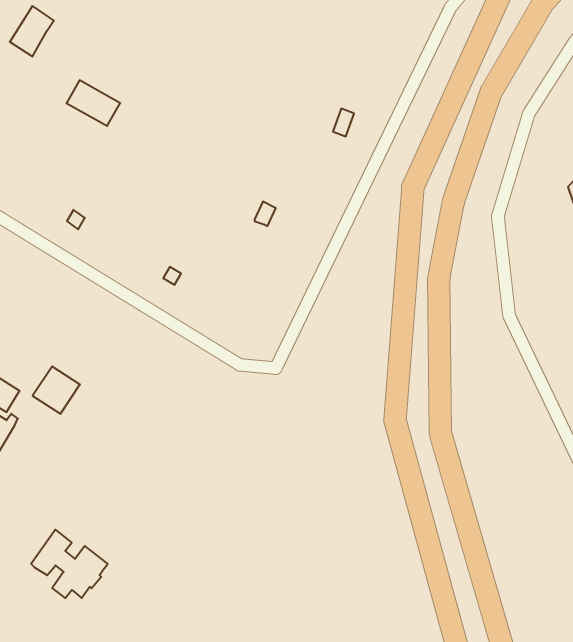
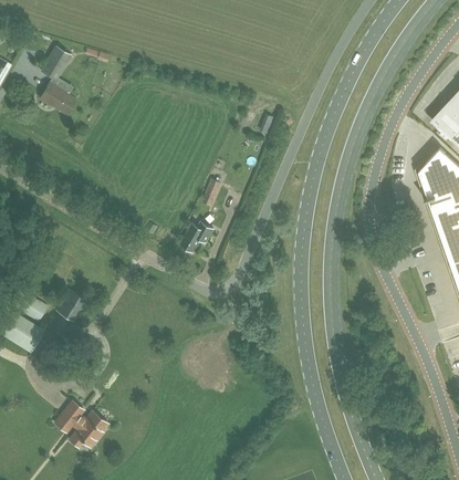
building: [66,80,120,126] -> [40,84,76,115]
building: none -> [180,222,213,253]

